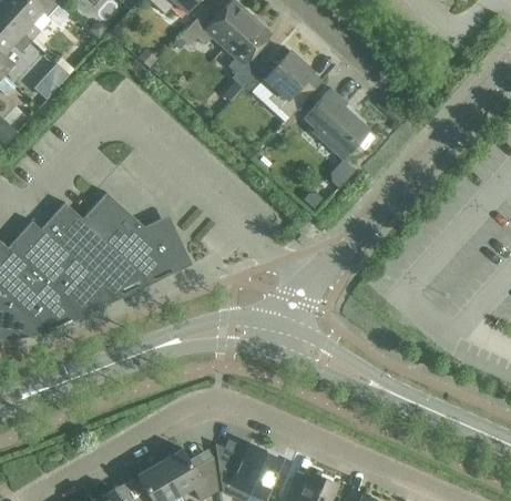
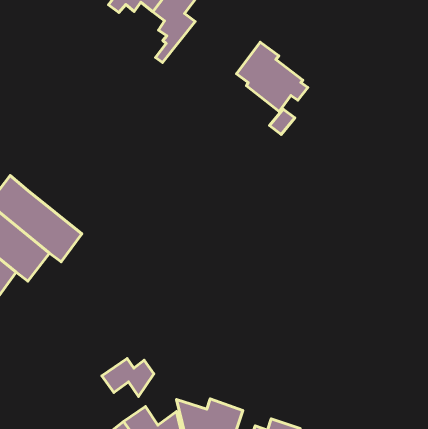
building: [263,52,314,117] -> none
building: [81,193,178,278] -> none
building: none -> [102,359,154,397]

